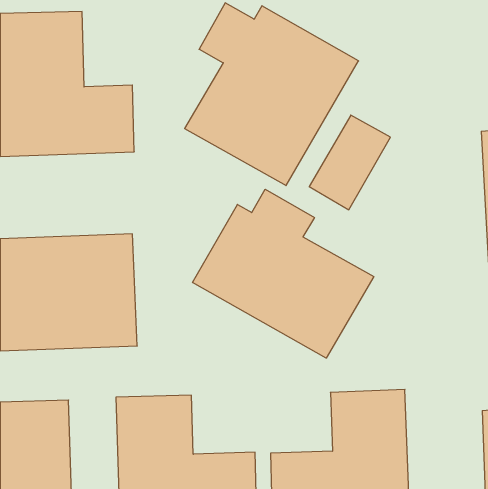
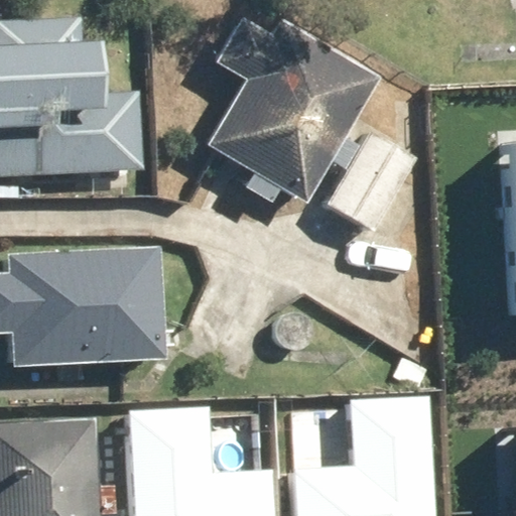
building: [193,189,374,358] -> none

